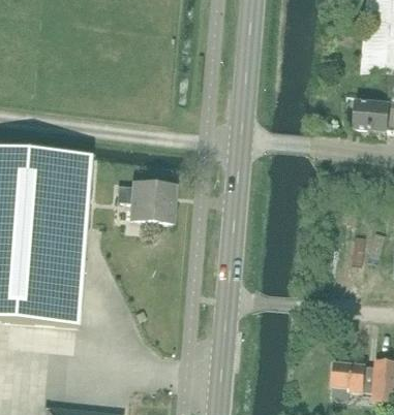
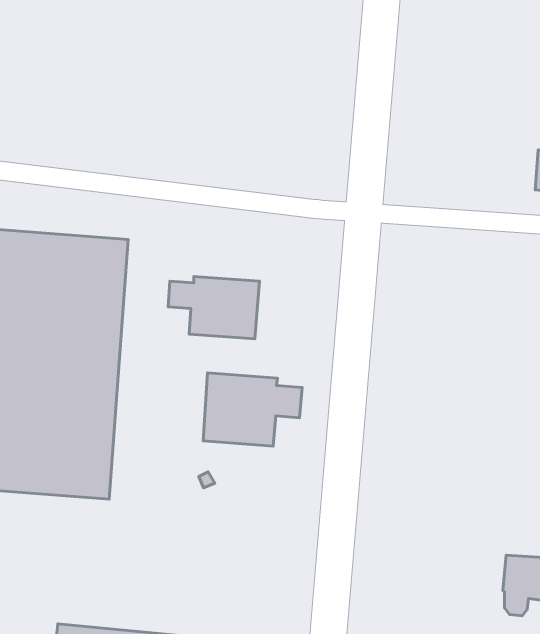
building: none -> [203,373,302,446]

